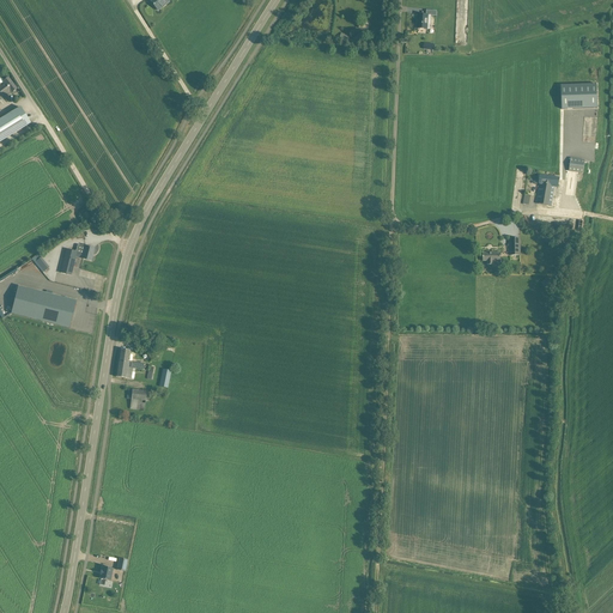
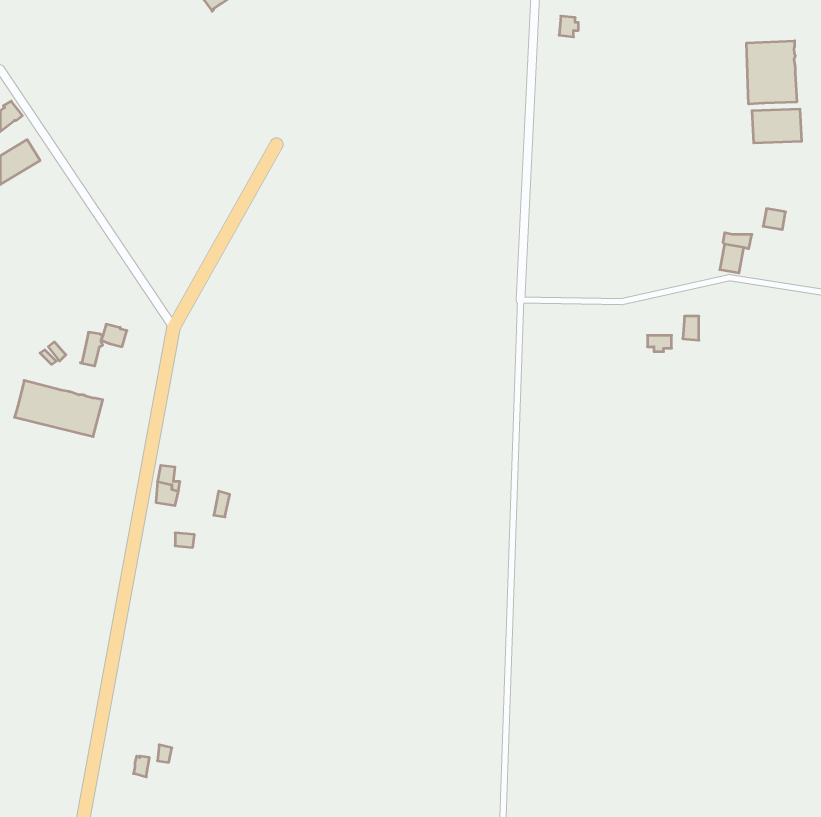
building: none -> [747,41,797,104]

